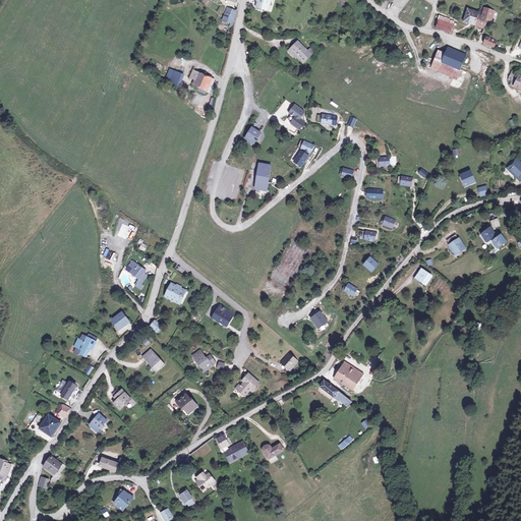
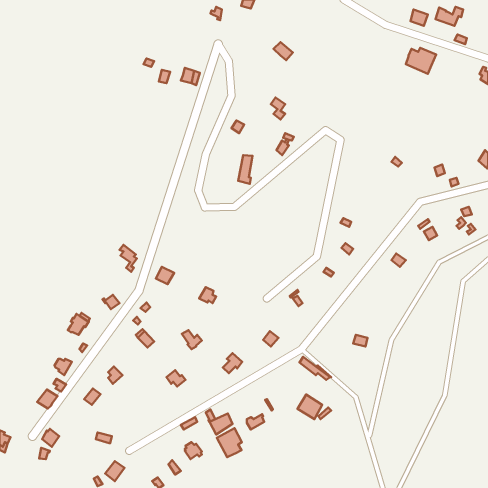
building: [336,362,362,389] -> [297,394,322,419]
building: none -> [217,428,242,457]

